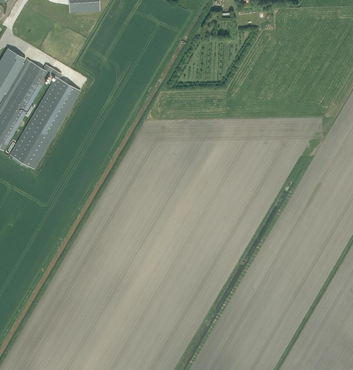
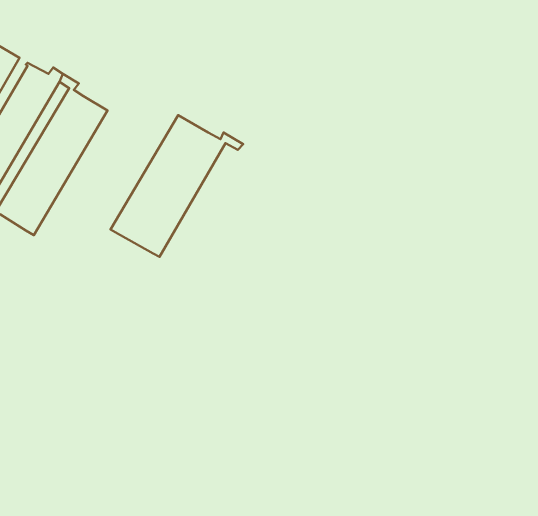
building: none -> [111,115,243,257]

